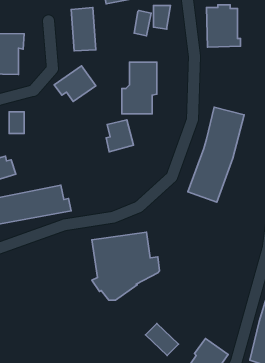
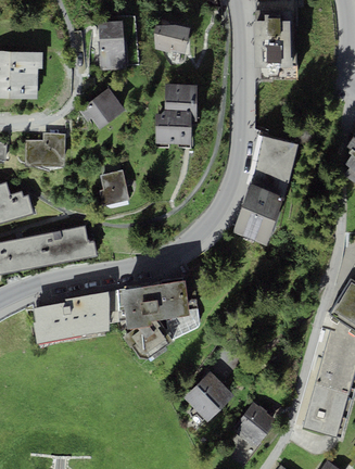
building: [154,6,170,29] -> [154,25,174,52]
building: none -> [42,135,63,166]
building: [106,120,134,152] -> [98,169,129,206]
building: none -> [31,290,117,343]
building: none -> [195,371,233,409]

